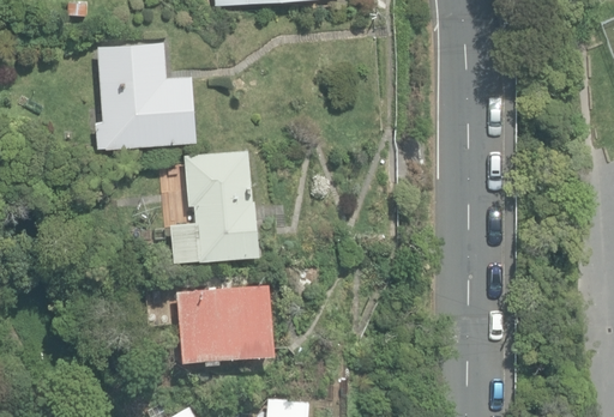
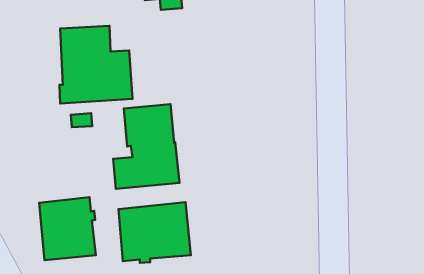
building: none -> [39,197,96,260]

